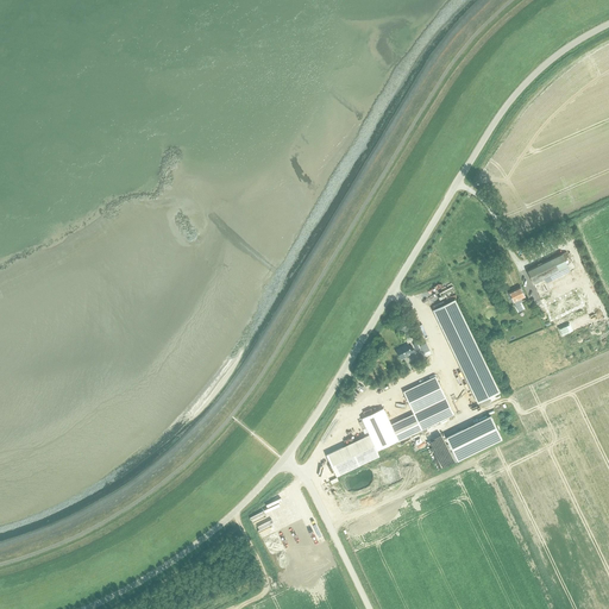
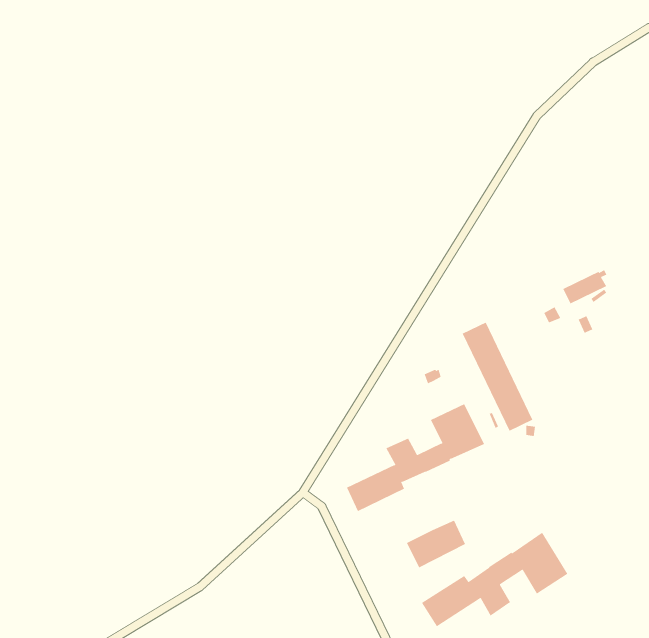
building: [446,416,502,462] -> [406,520,466,568]
building: none -> [421,532,568,627]

